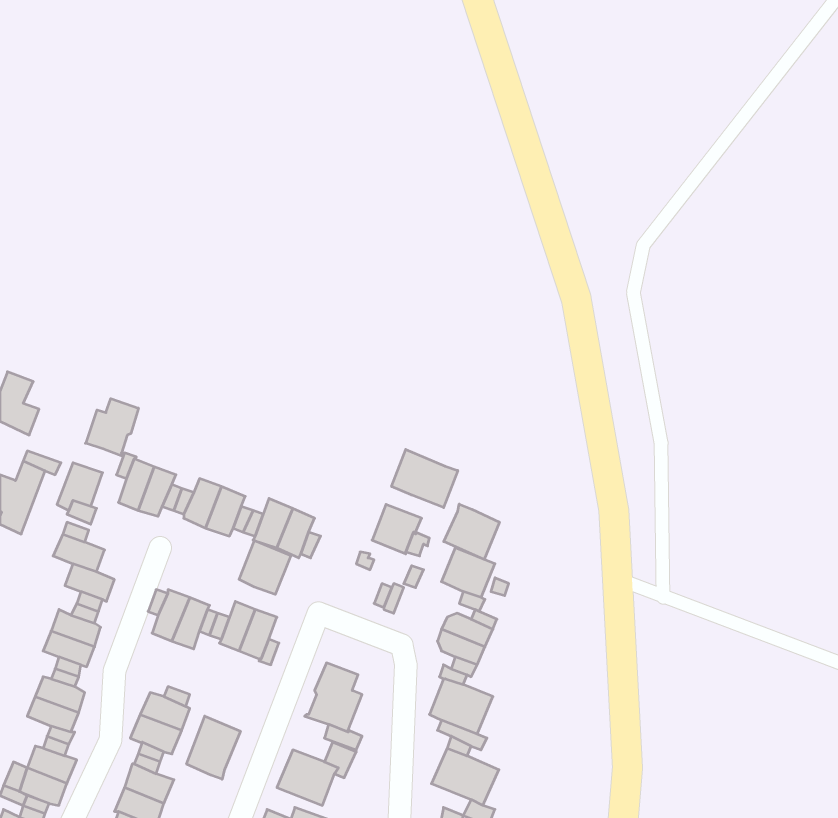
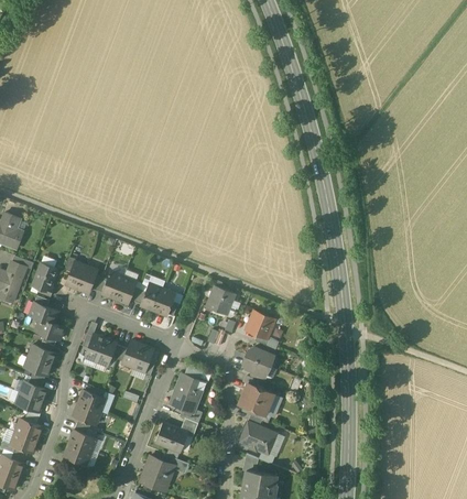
building: [85,399,138,457] -> none
building: [392,449,458,508] -> none
building: [444,504,499,559] -> none
building: [239,541,291,594] -> none
building: [187,716,240,779] -> none

